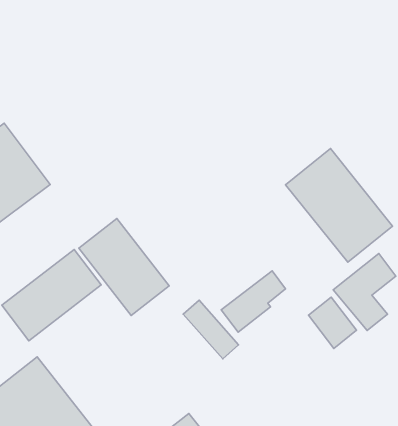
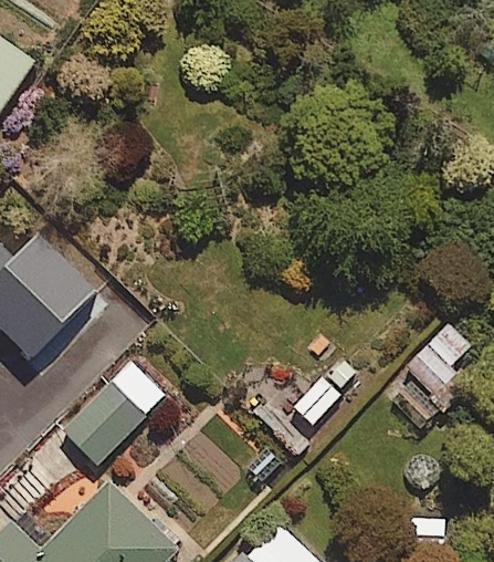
building: [286,149,393,262] -> none
building: [79,218,169,316] -> none

